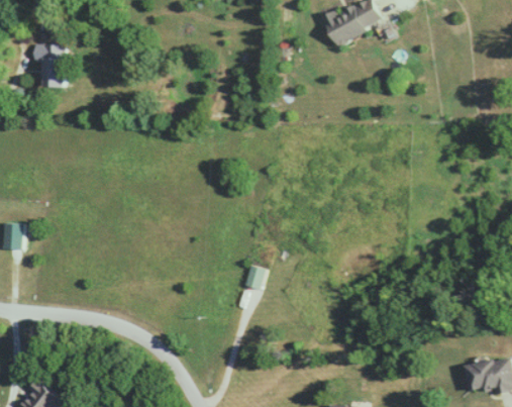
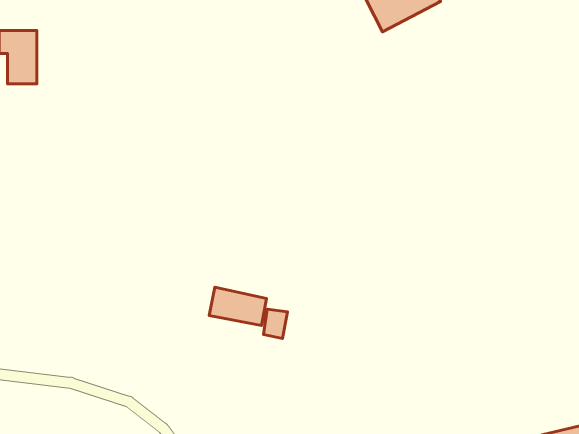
building: none -> [209,287,266,326]

